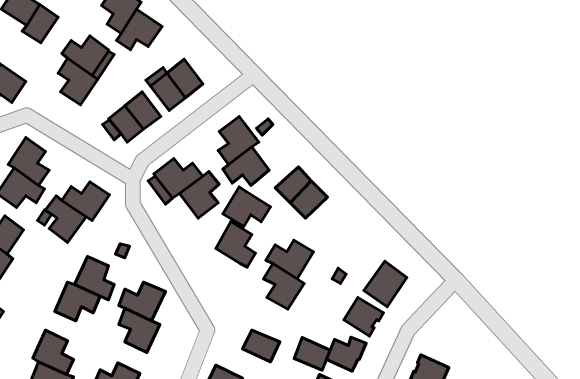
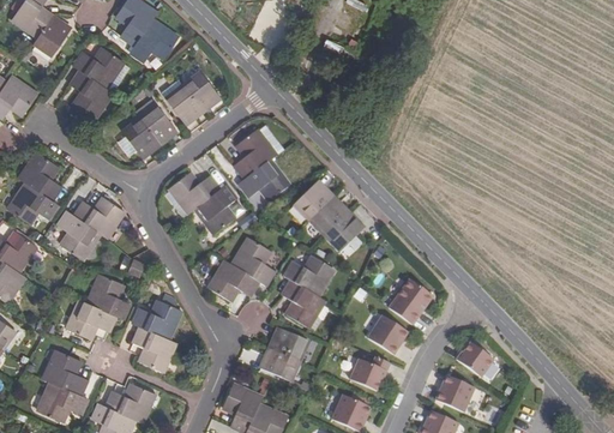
building: [223,187,271,227] -> [209,260,258,301]
building: none -> [325,212,363,251]
building: none -> [453,342,490,377]
building: [294,337,330,370] -> [270,327,307,361]

